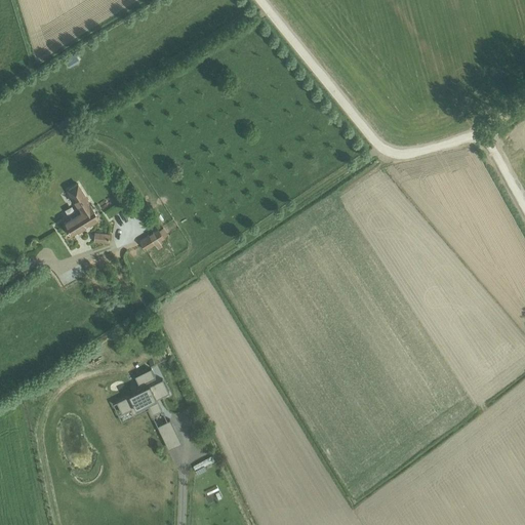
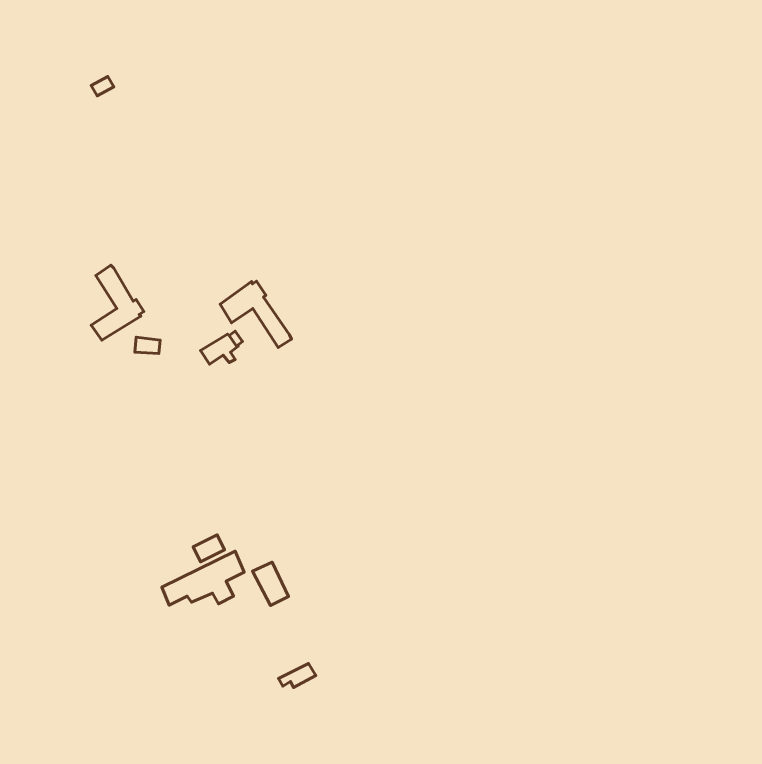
building: none -> [220,281,292,347]
building: [155,419,179,449] -> [253,562,289,606]

